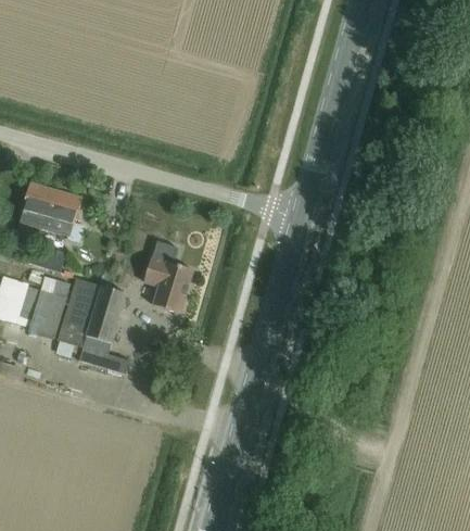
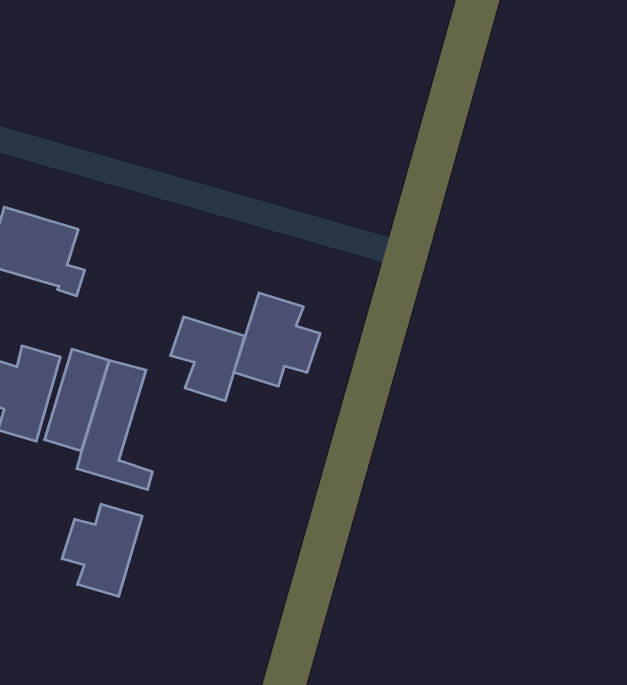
building: none -> [234,293,320,386]
building: none -> [62,504,142,597]

